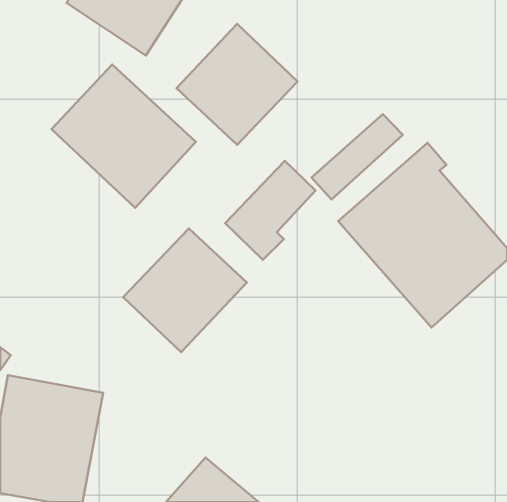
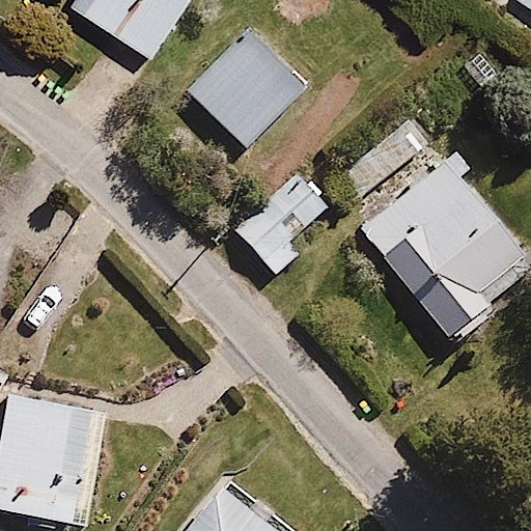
building: [51,65,196,208] -> none
building: [123,228,247,352] -> none

